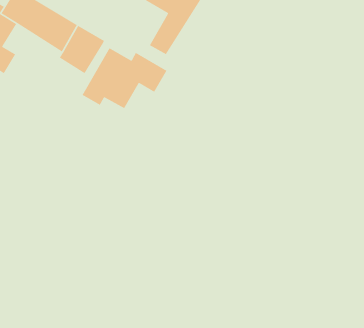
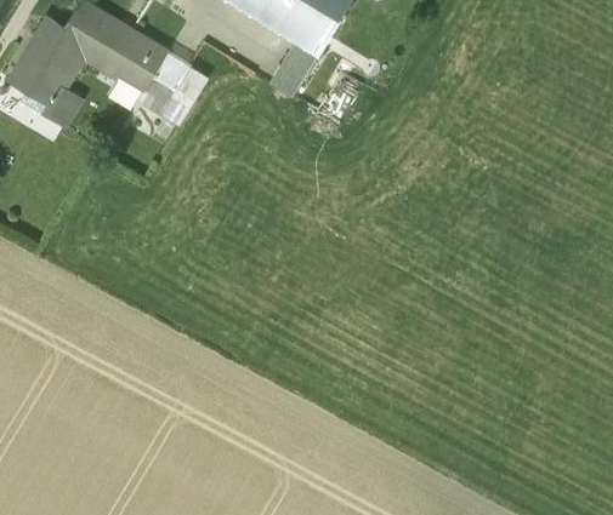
building: [81,47,168,109] -> none

